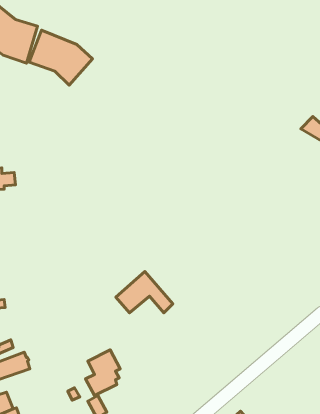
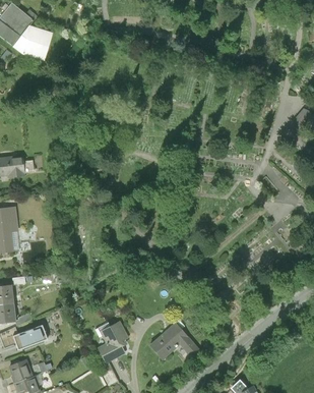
building: [29,30,93,85] -> none
building: [116,272,173,313] -> [148,323,200,360]

